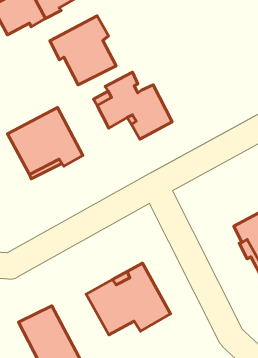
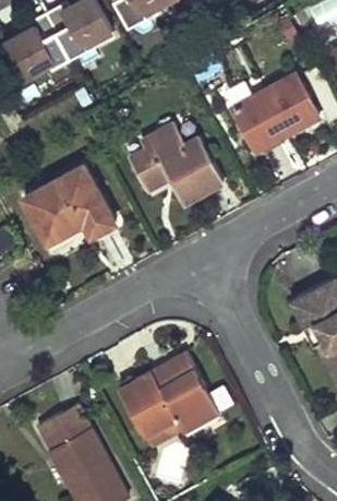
building: [50,16,116,85] -> none
building: none -> [233,74,318,151]

